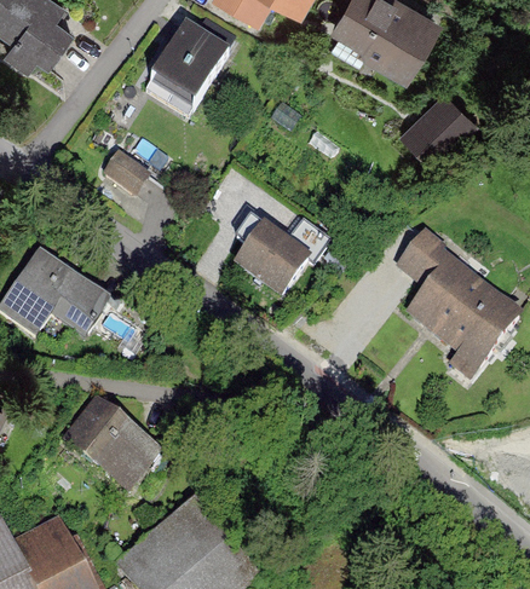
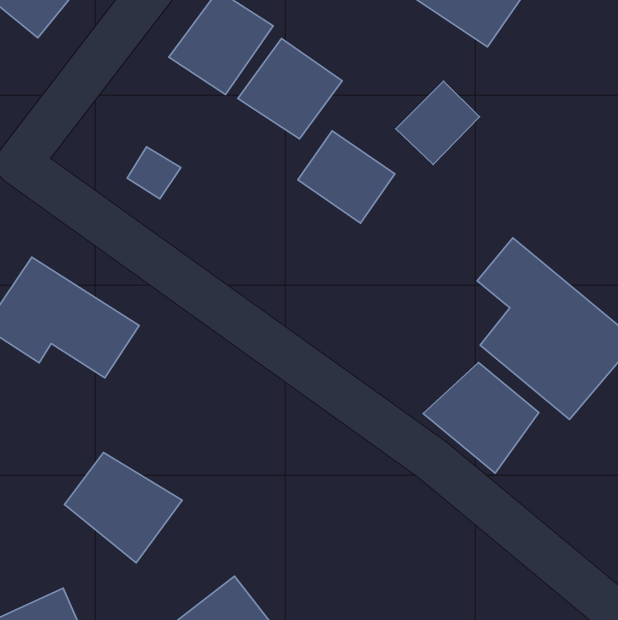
building: none -> [238,39,342,139]
building: [405,98,473,166] -> [396,81,479,165]
building: [230,226,309,301] -> [298,131,395,223]
building: none -> [423,363,539,473]

